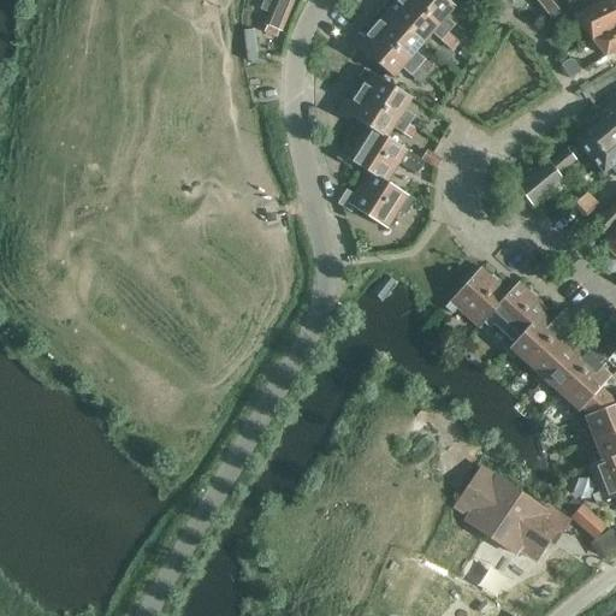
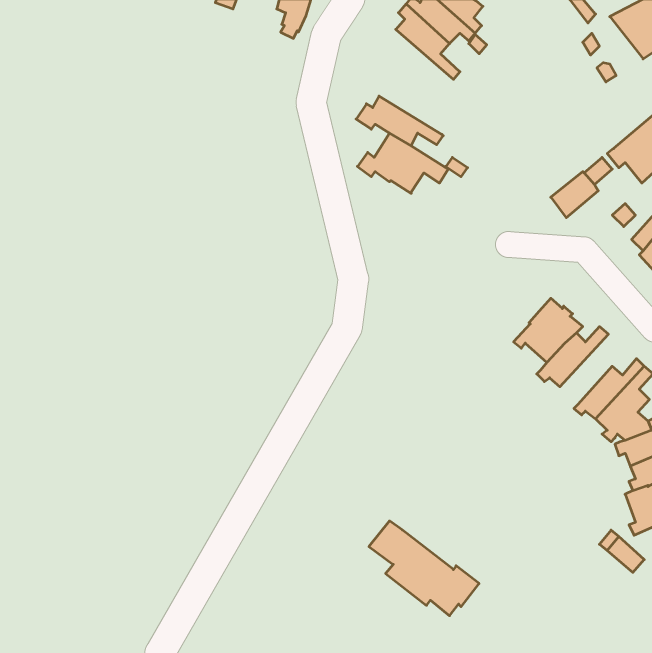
building: [348,28,428,82] -> none
building: [359,67,422,126] -> none
building: [339,170,415,227] -> none
building: [446,266,509,327] -> none
building: [528,314,581,384] -> none
building: [460,464,563,553] -> [369,521,479,616]

